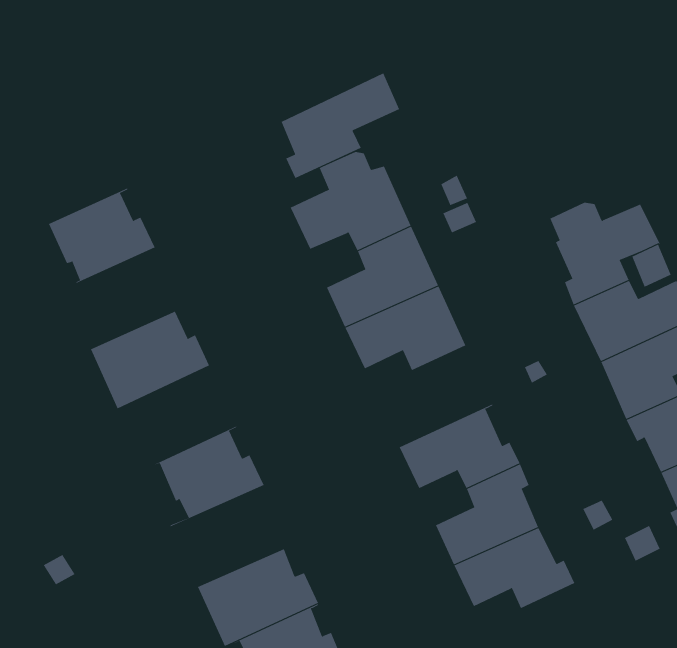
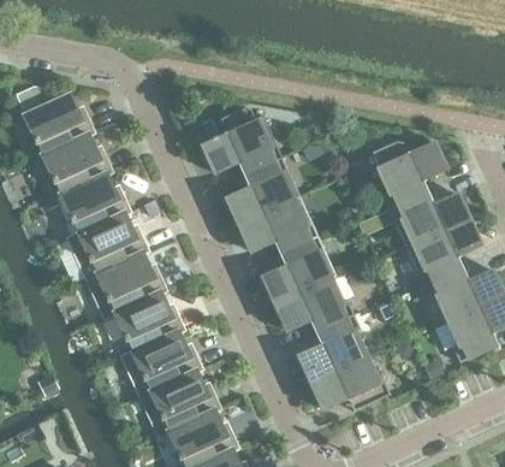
building: [281,72,400,179] -> none
building: none -> [18,88,95,156]
building: none -> [60,172,131,240]
building: none -> [262,237,337,305]
building: none -> [88,250,167,319]
building: none -> [123,330,203,397]

